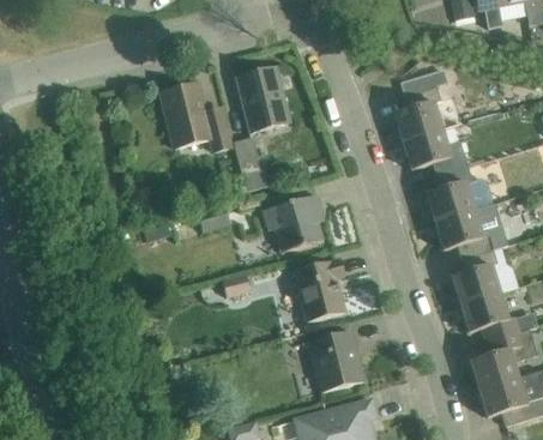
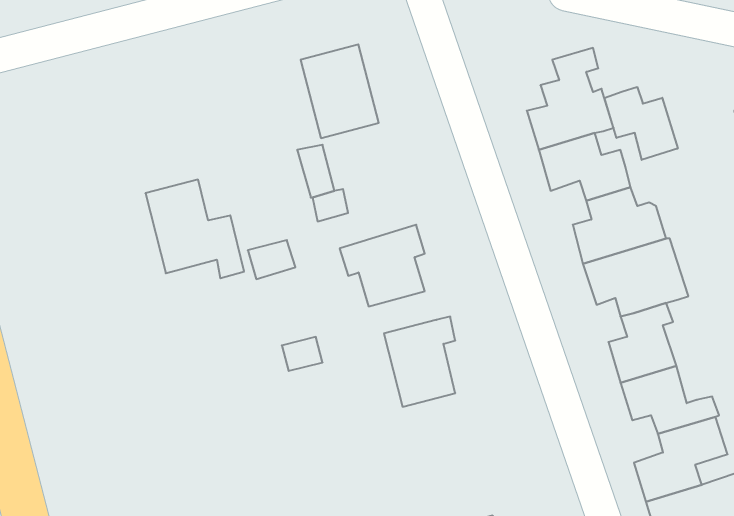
building: [161,82,230,151] -> [145,180,244,278]
building: none -> [605,87,678,160]
building: [308,330,363,391] -> none

